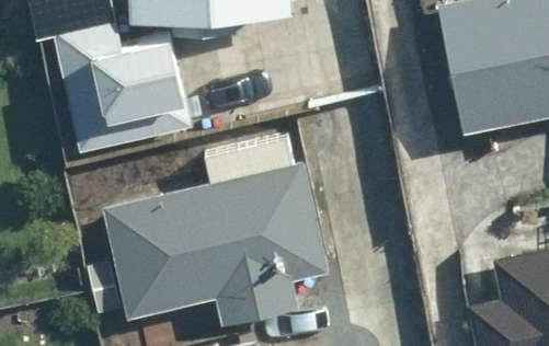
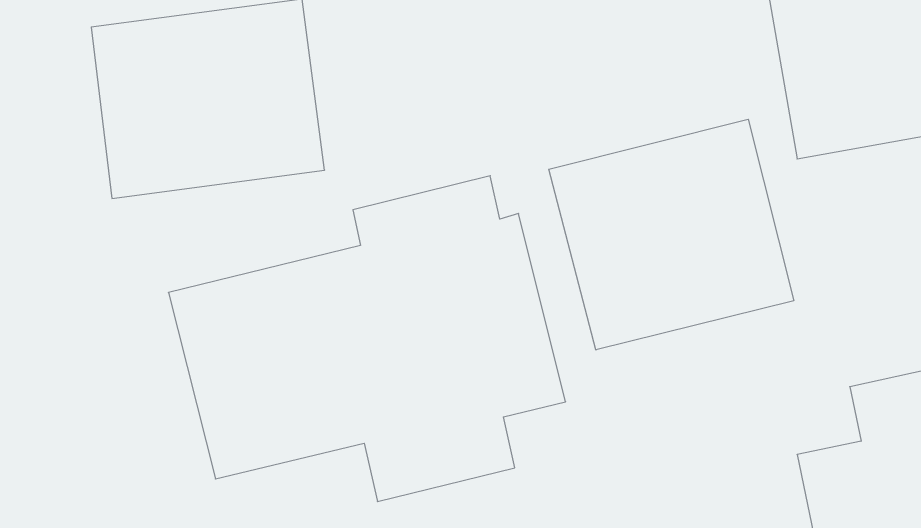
building: none -> [549,119,794,350]

